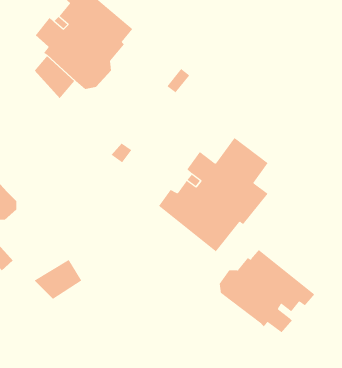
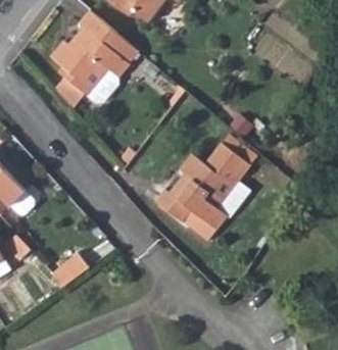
building: [219,249,315,333] -> none

